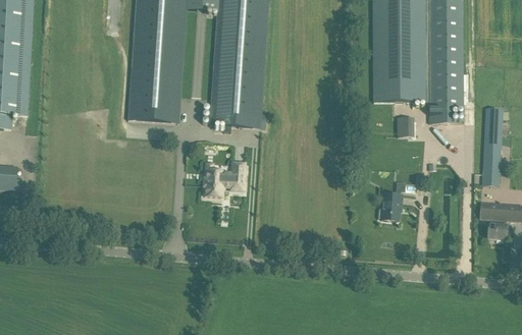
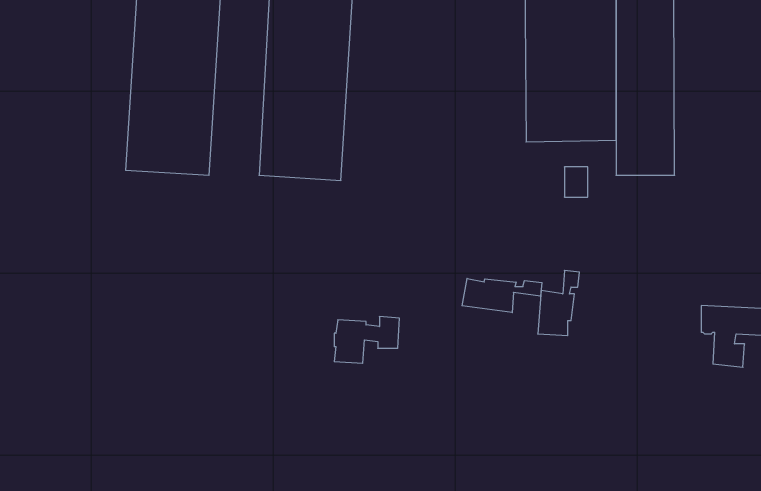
building: [481,107,502,187] -> none
building: [204,165,244,193] -> [334,317,399,363]
building: none -> [462,278,542,313]

